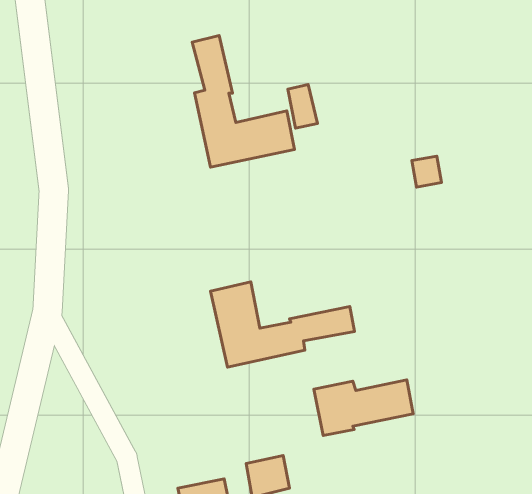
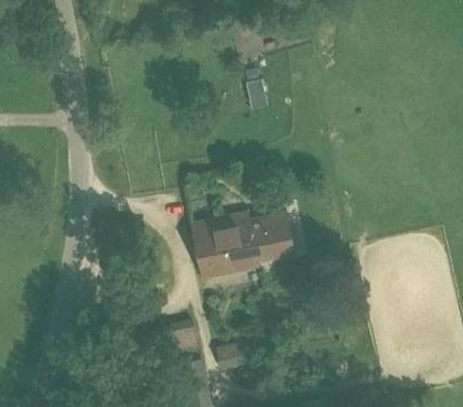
building: [192,36,295,167] -> none
building: [314,380,413,436] -> [219,211,290,250]

